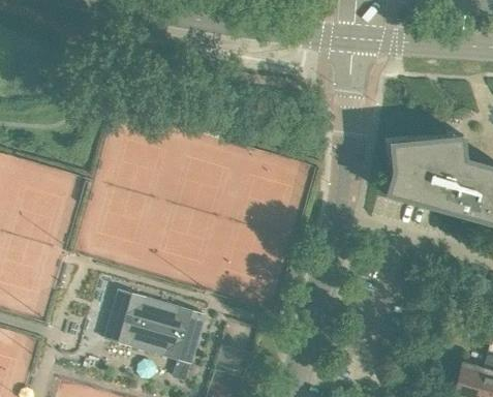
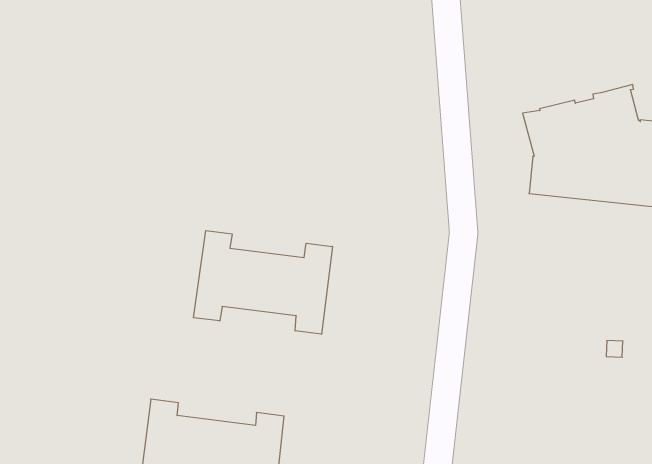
building: none -> [193,231,333,334]

